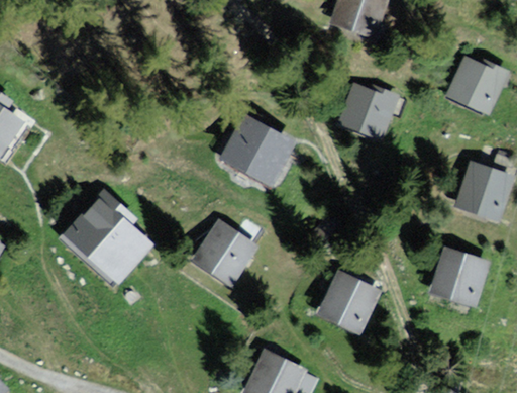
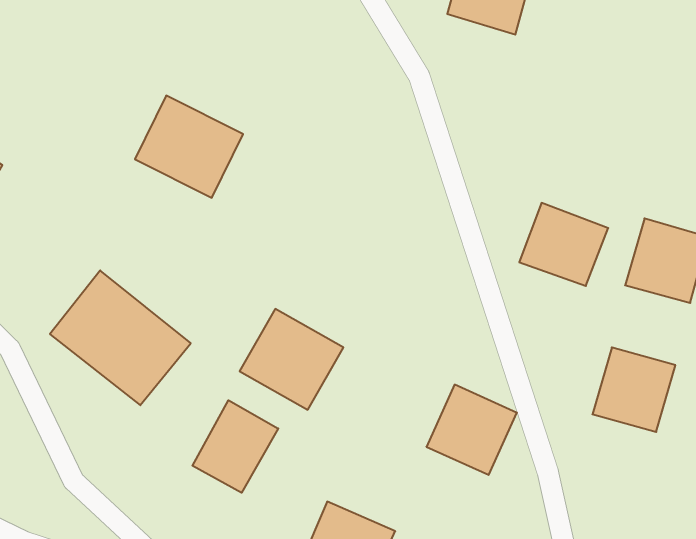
building: [434,54,498,113] -> none
building: [337,83,398,139] -> [519,203,608,286]
building: [224,115,298,185] -> [135,96,243,198]
building: none -> [192,400,278,493]

